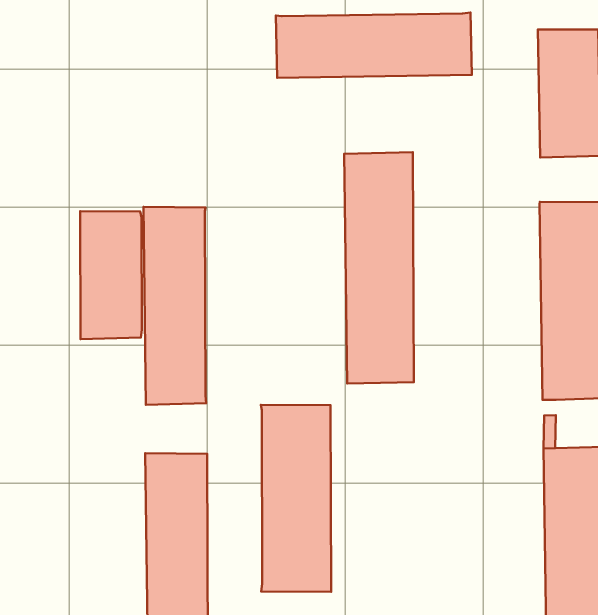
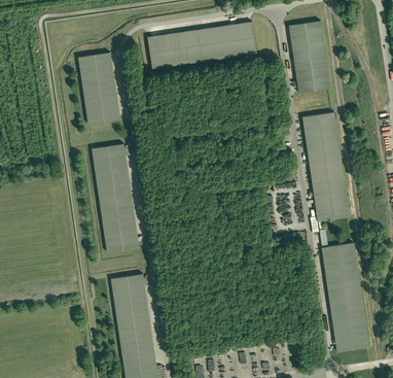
building: [344,152,414,383] -> none
building: [80,211,142,339] -> [79,53,120,125]
building: [261,405,331,592] -> none

